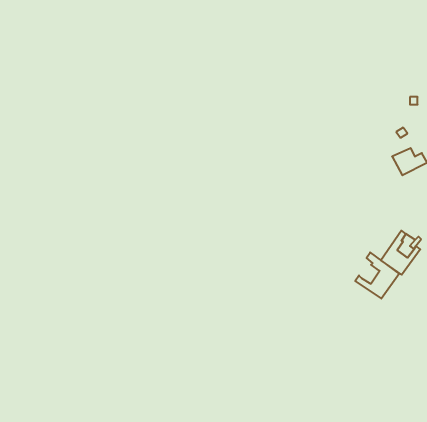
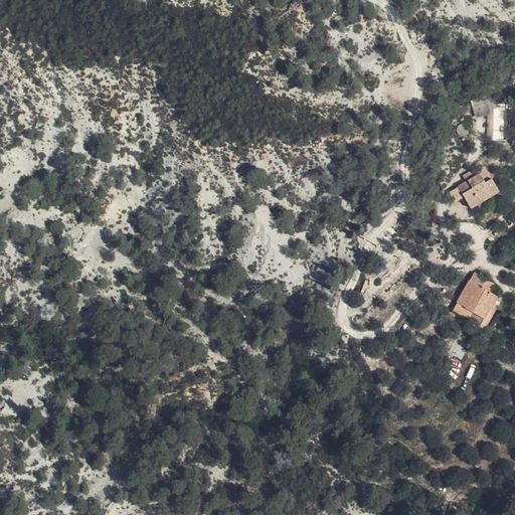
building: [355,252,399,299] -> none

